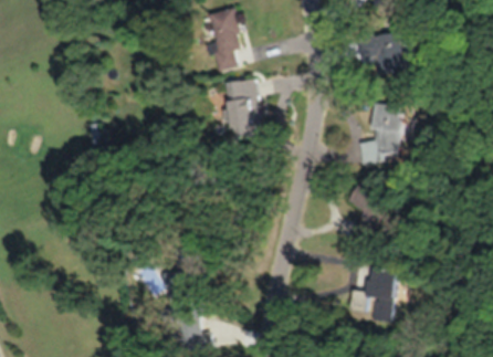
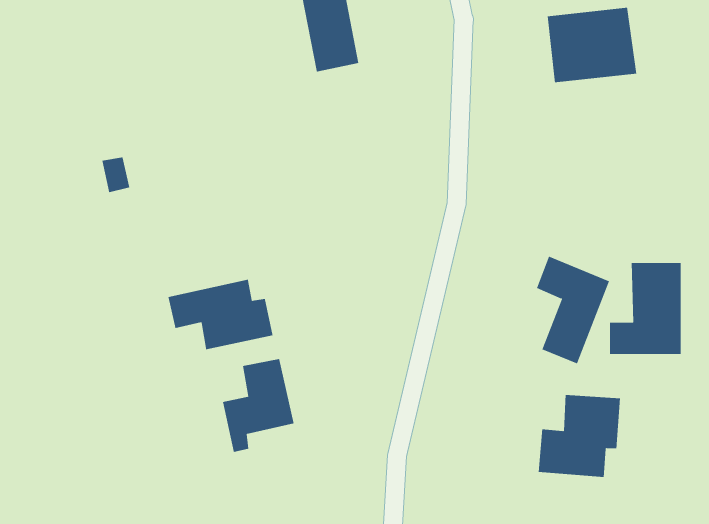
building: [223,78,260,139] -> none
building: [360,104,405,160] -> [609,263,681,355]
building: none -> [168,279,273,350]

